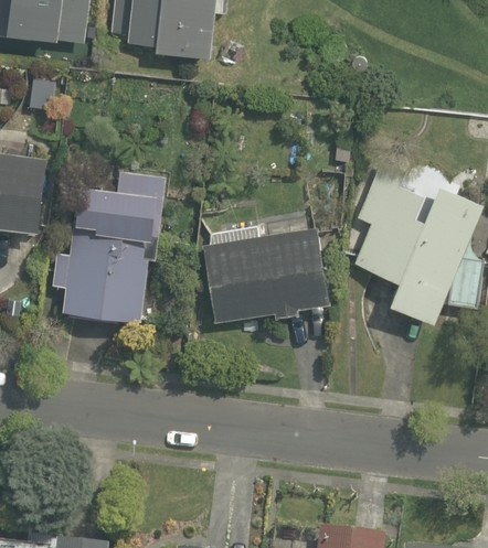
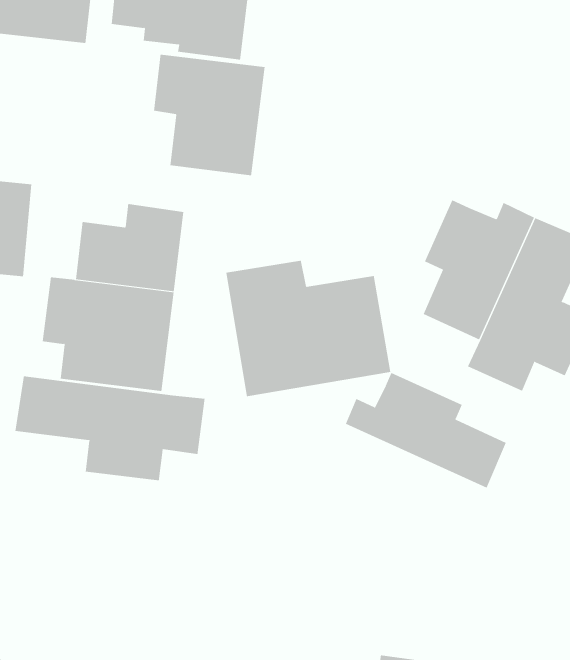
building: none -> [153,54,265,176]
building: none -> [345,372,507,488]
building: none -> [15,376,205,481]

